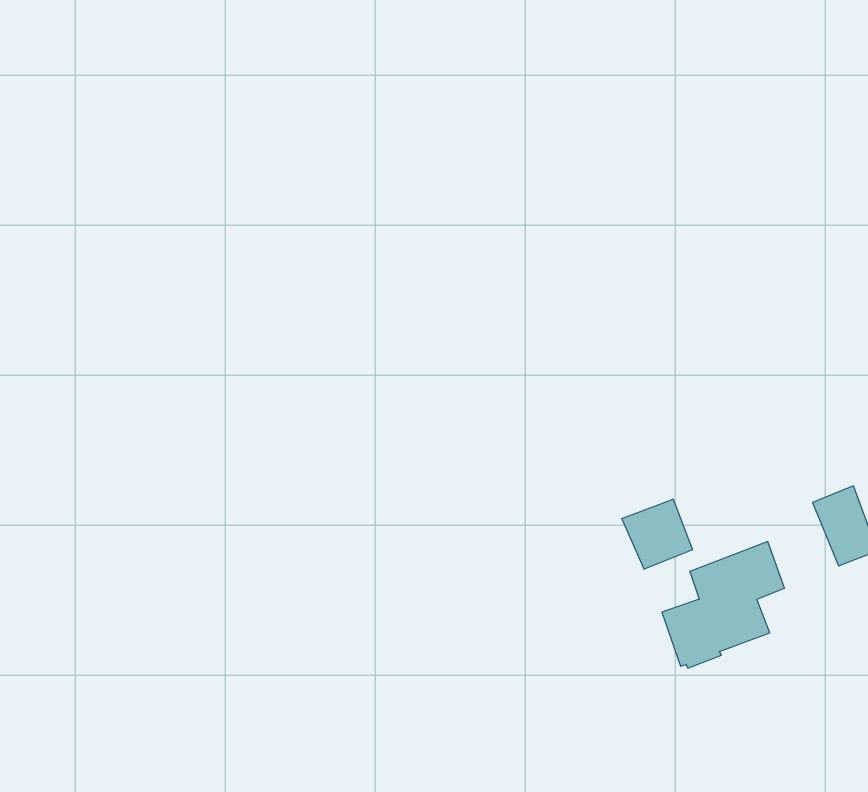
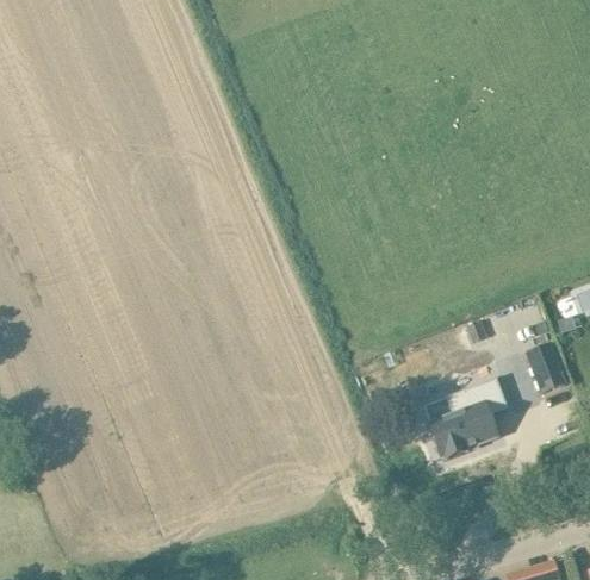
building: [622,499,692,569] -> none

